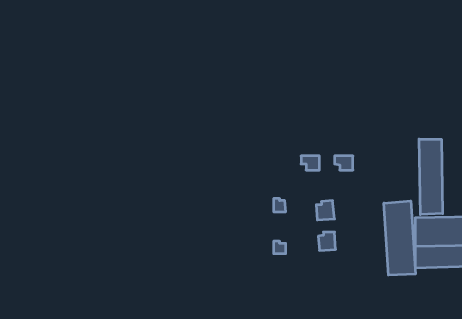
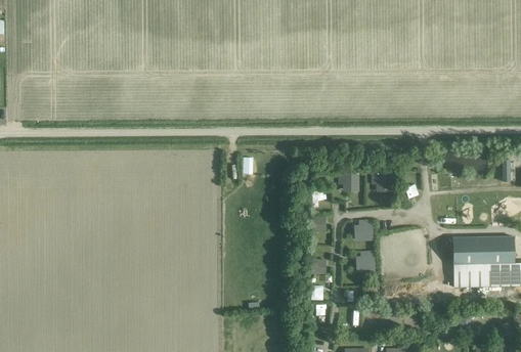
building: [419,139,443,215] -> none
building: [384,201,415,275] -> none

